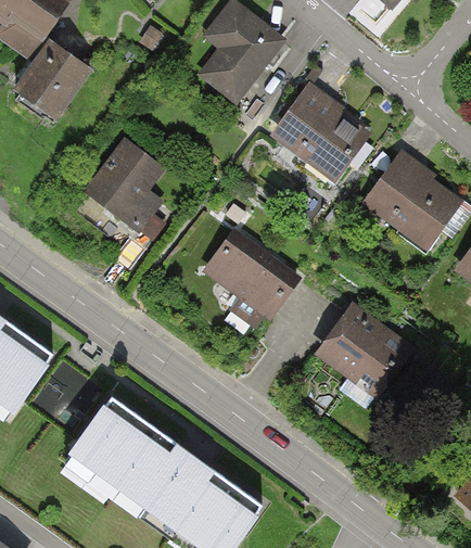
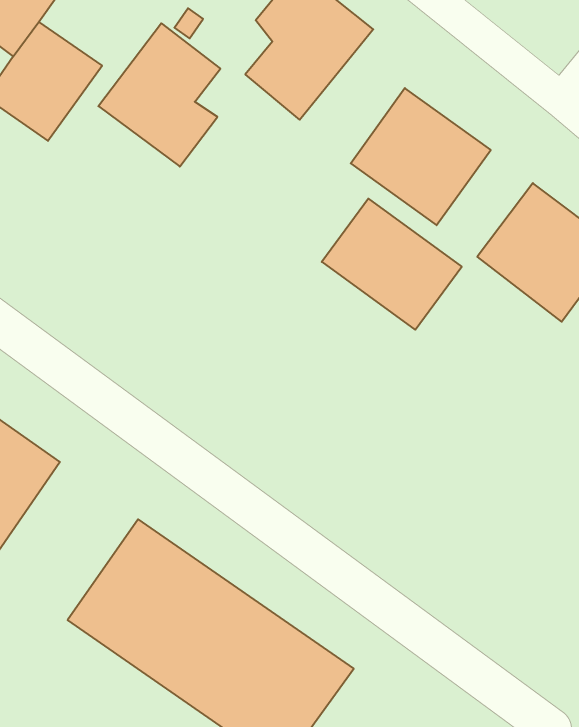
building: [78,133,166,237] -> [98,23,220,167]
building: [199,228,300,322] -> [322,199,462,330]
building: [313,303,416,400] -> none

